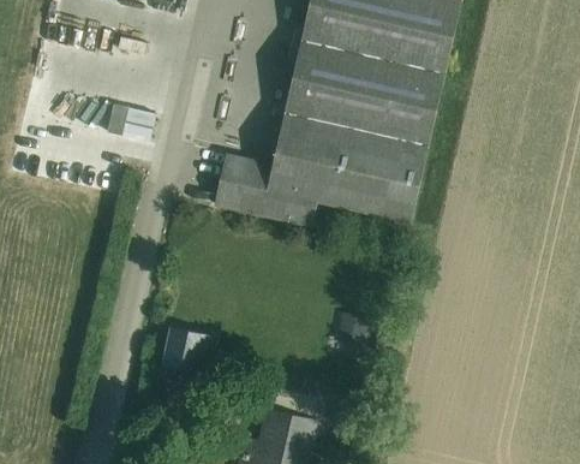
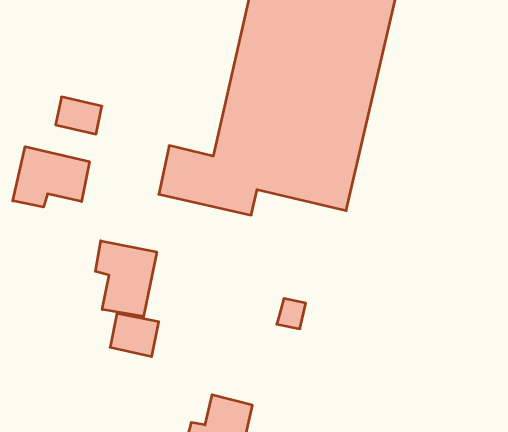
building: none -> [13,147,89,207]
building: none -> [95,241,157,317]

